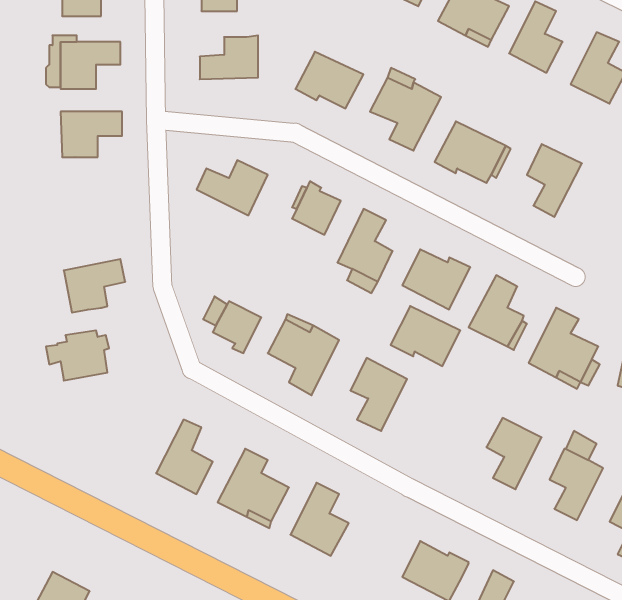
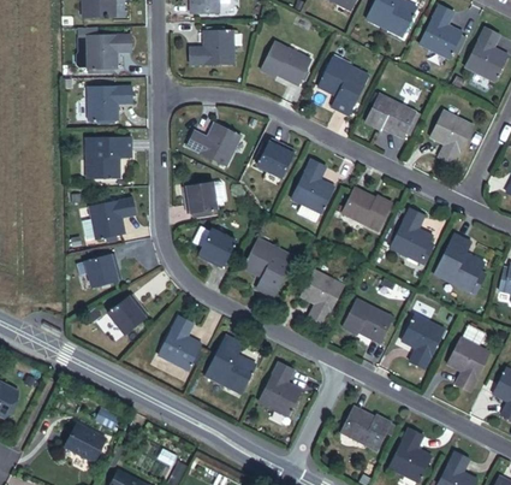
building: none -> [87,137,132,179]
building: none -> [188,182,220,212]
building: [391,306,460,366] -> [340,300,392,344]
building: none -> [106,292,144,333]

